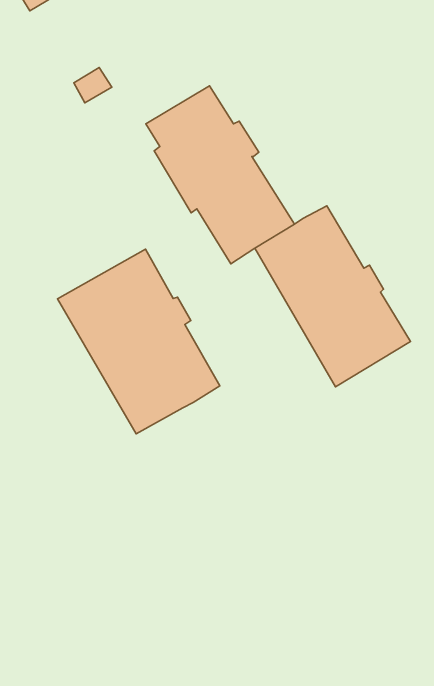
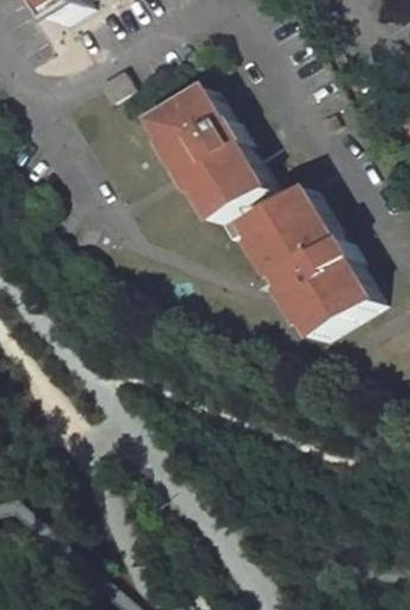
building: [57,249,220,434] -> none

